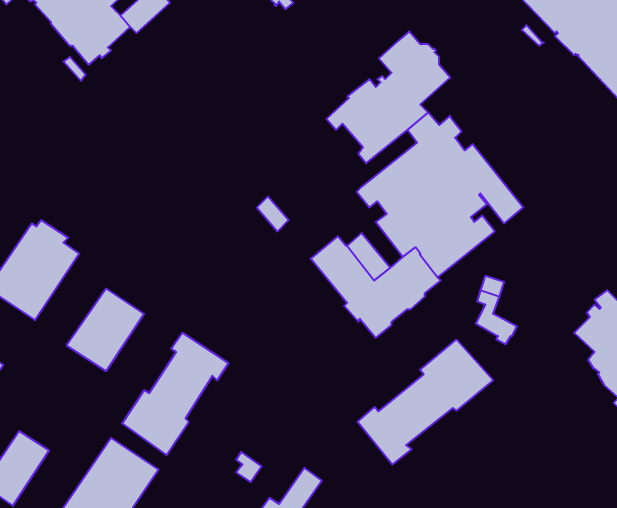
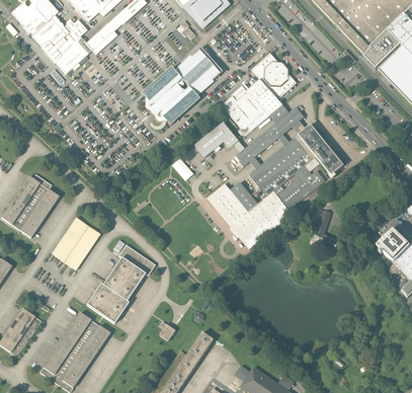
building: none -> [143,49,221,125]
building: none -> [195,122,245,157]
building: [357,340,493,465] -> none

